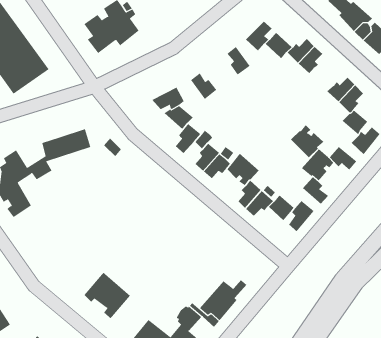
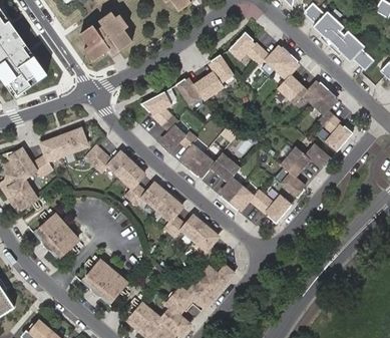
building: none -> [193,69,224,98]
building: [290,124,324,158] -> [277,74,308,105]
building: none -> [86,147,215,264]
building: none -> [31,215,75,258]

